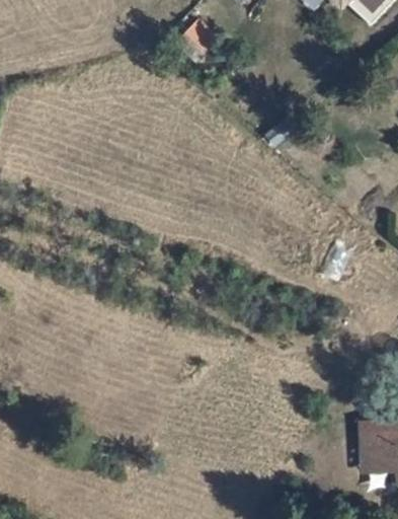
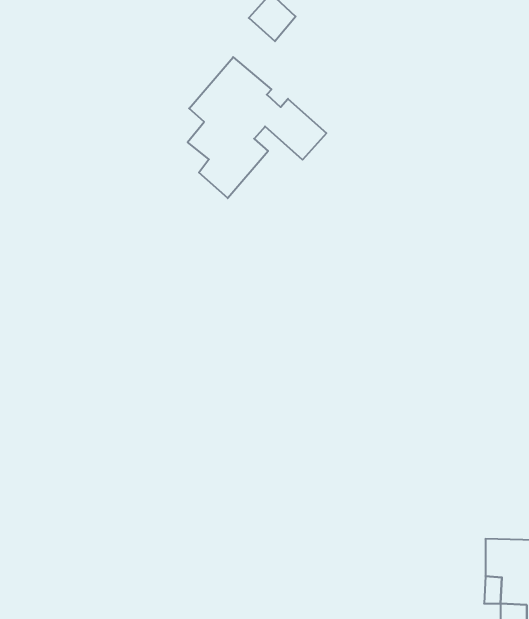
building: none -> [188,57,326,198]

